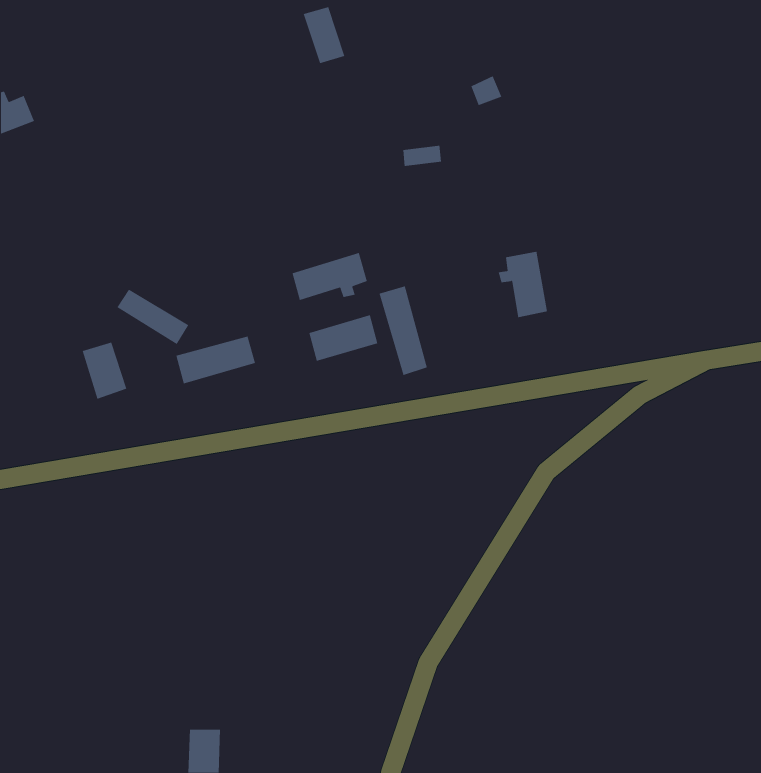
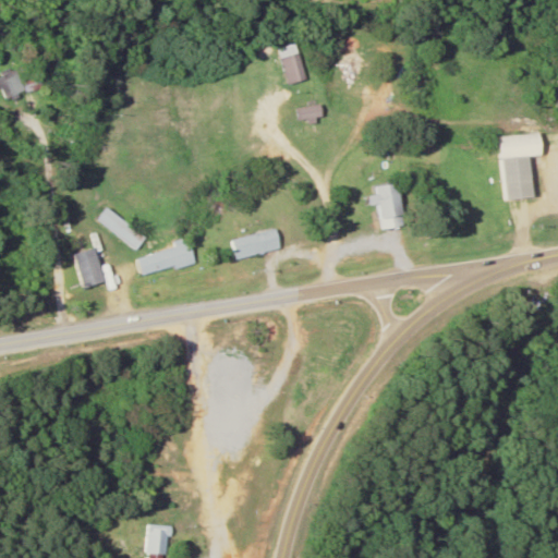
building: [303,6,345,64] -> [277,44,307,85]
building: none -> [497,133,545,199]
building: [292,252,368,301] -> none
building: [379,286,428,376] -> none

